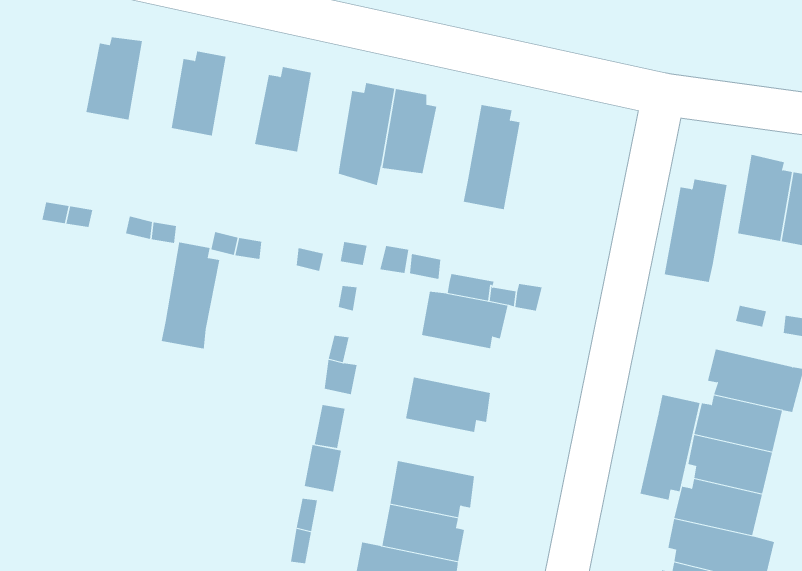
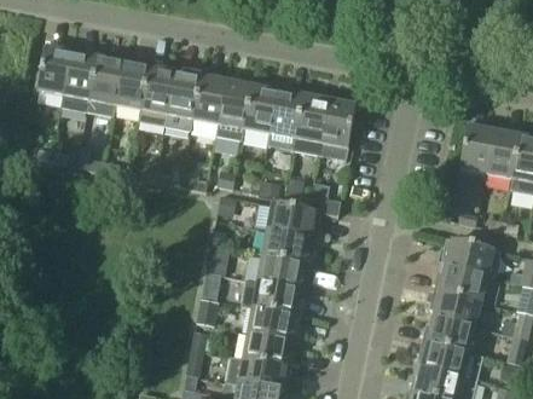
building: none -> [36,42,71,96]
building: none -> [89,52,122,105]
building: none -> [192,71,225,125]
building: none -> [268,87,303,138]
building: [664,179,727,282] -> [318,97,357,160]
building: [161,242,220,349] -> [138,62,174,127]
building: none -> [262,231,313,266]
building: [640,394,700,501] -> none
building: none -> [242,281,303,317]

